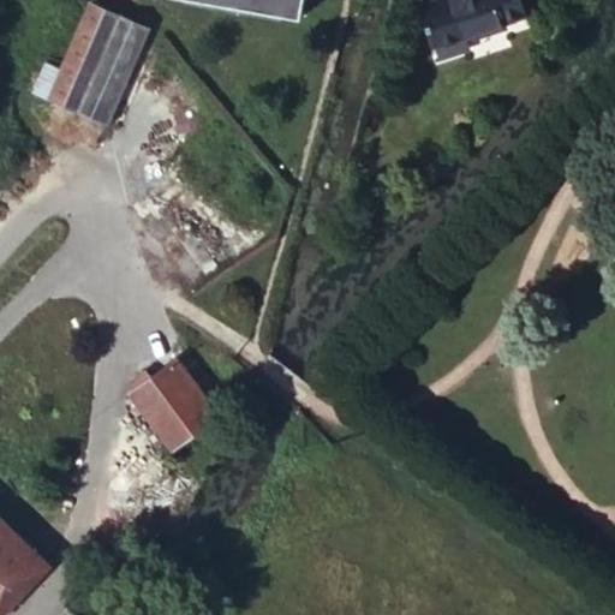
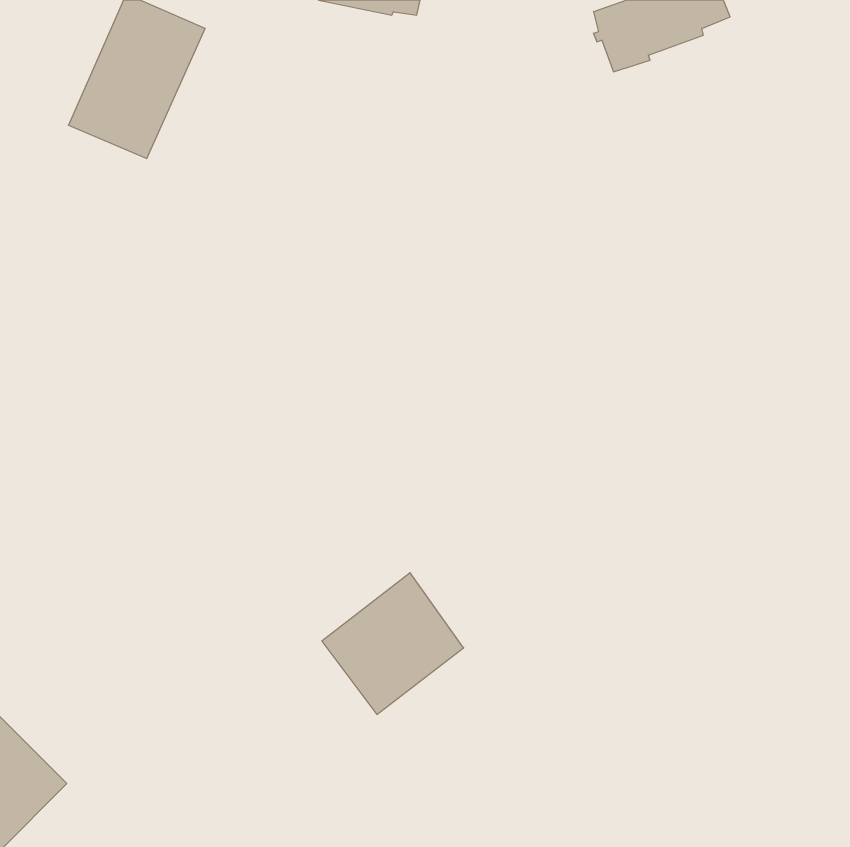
building: [113,360,215,462] -> [322,573,464,714]

